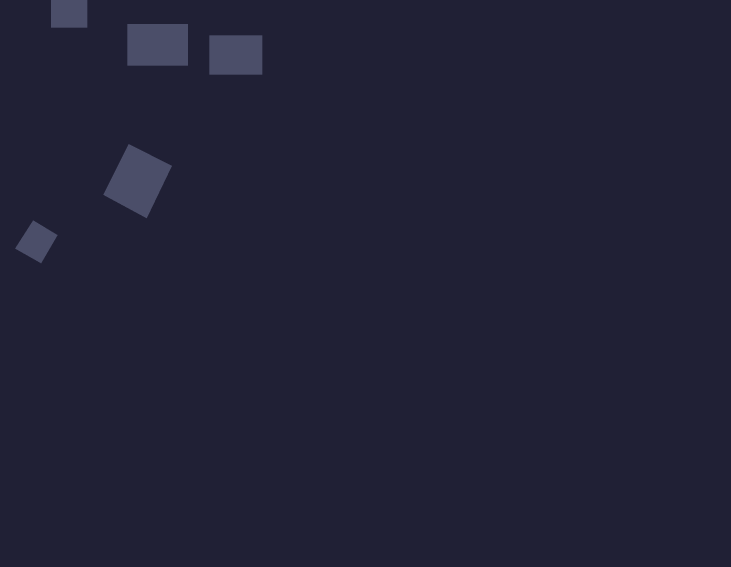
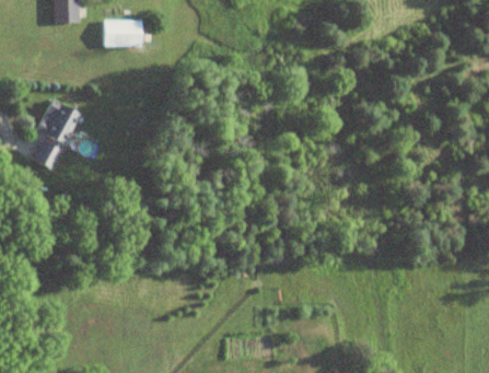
building: [209,35,263,76] -> none
building: [102,143,173,219] -> [37,100,82,148]

